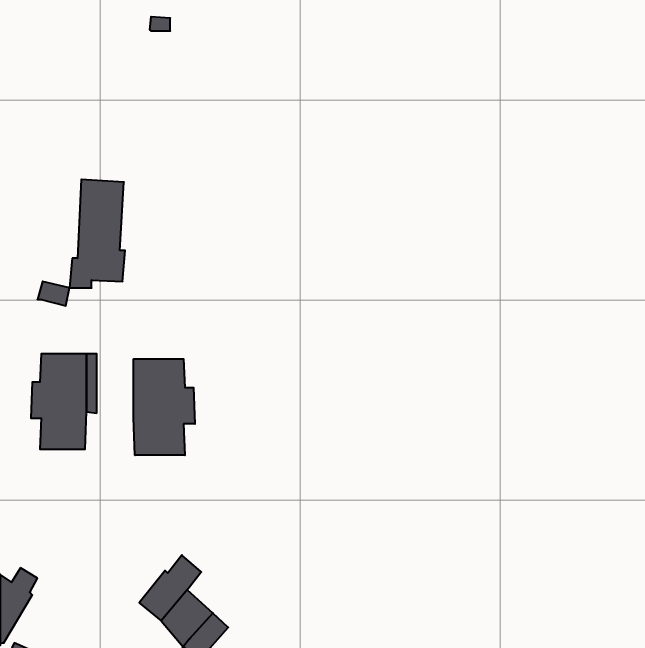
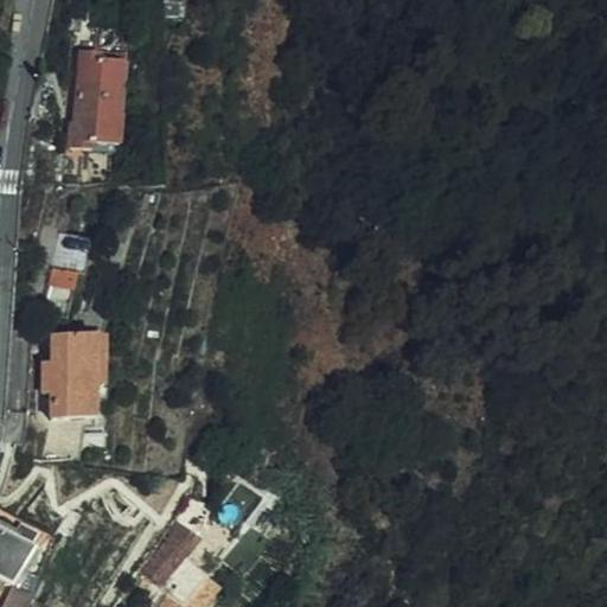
building: [70,179,125,288] -> [69,43,120,142]
building: [134,359,195,455] -> none

